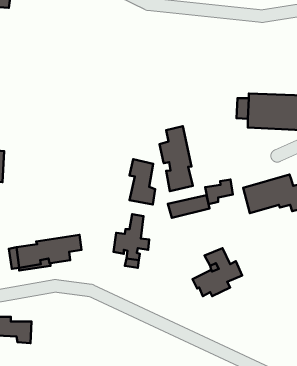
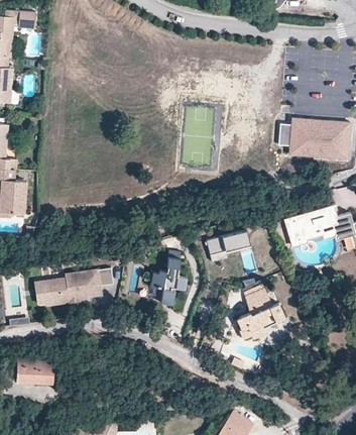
building: [159,126,193,191] -> none
building: [129,159,155,204] -> none
building: [205,180,233,204] -> none

